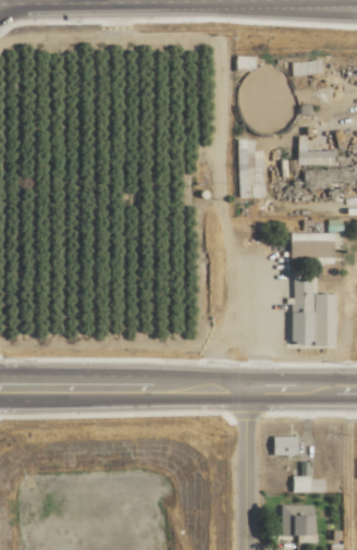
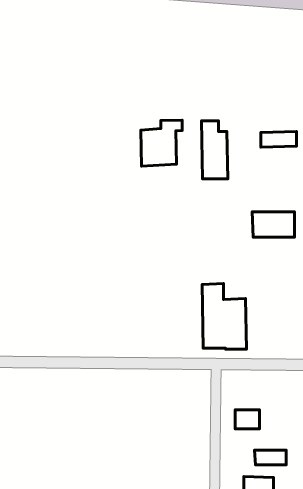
building: none -> [141,120,182,166]
building: [292,278,337,345] -> [202,284,247,349]

